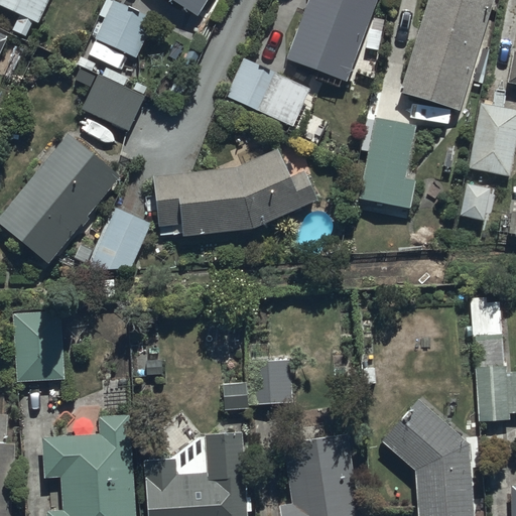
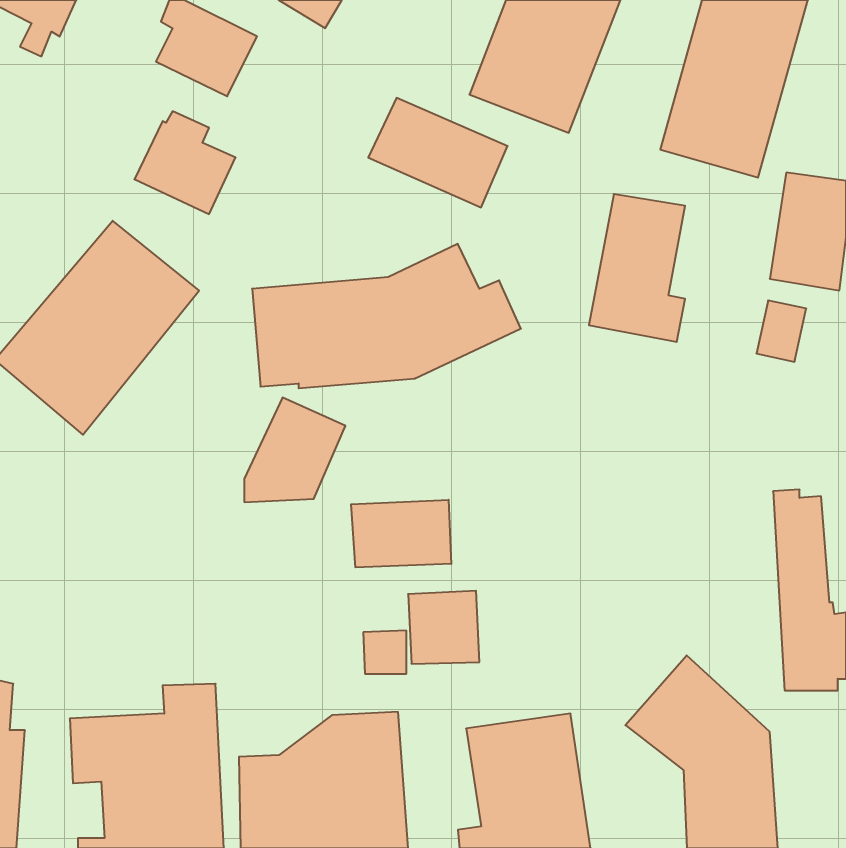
building: [90,207,151,270] -> [244,398,345,502]
building: none -> [351,500,451,567]
building: [12,310,63,381] -> none

